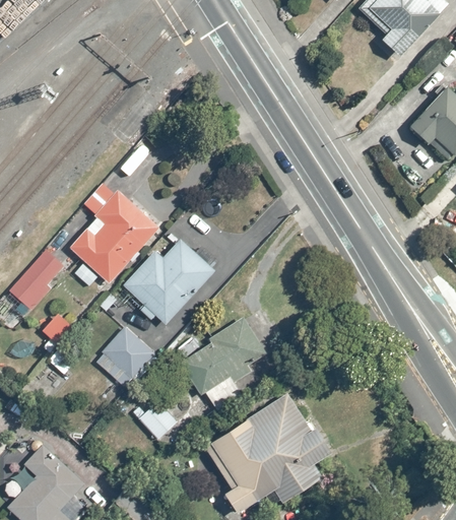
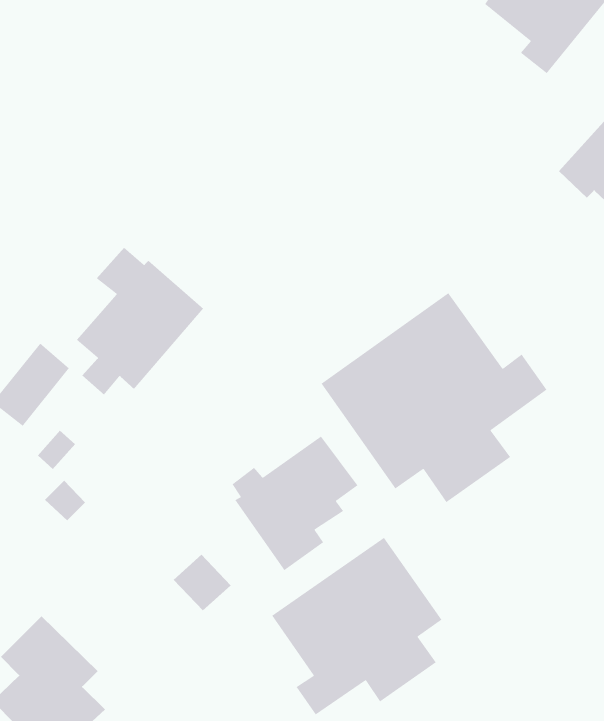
building: none -> [321,292,548,503]
building: [112,241,211,326] -> none
building: [95,327,156,390] -> none

